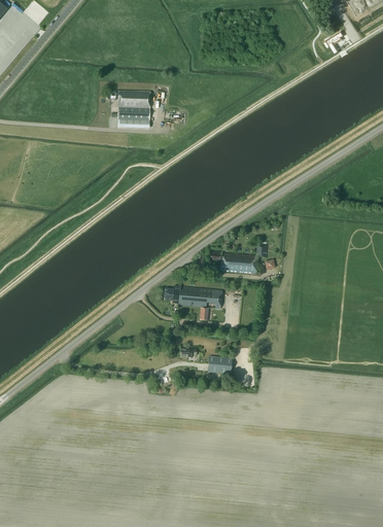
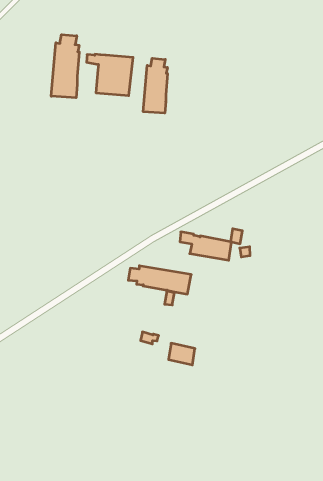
building: none -> [51,35,79,98]
building: none -> [143,58,167,113]

